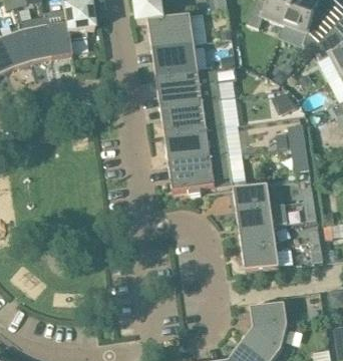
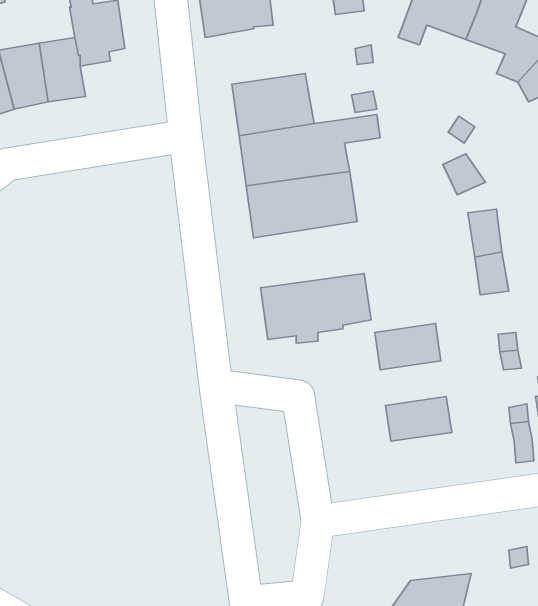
building: [148,14,195,49] -> none
building: [165,126,228,163] -> none
building: [237,204,284,230] -> none
building: [243,245,280,271] -> none
building: [251,303,288,328] -> none

